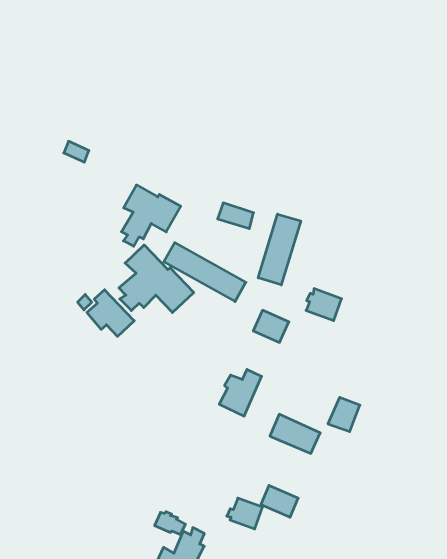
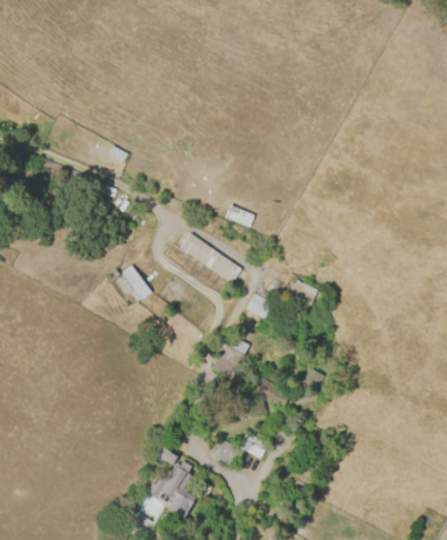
building: [121,185,181,246] -> none
building: [258,214,301,285] -> none
building: [119,245,194,313] -> none

